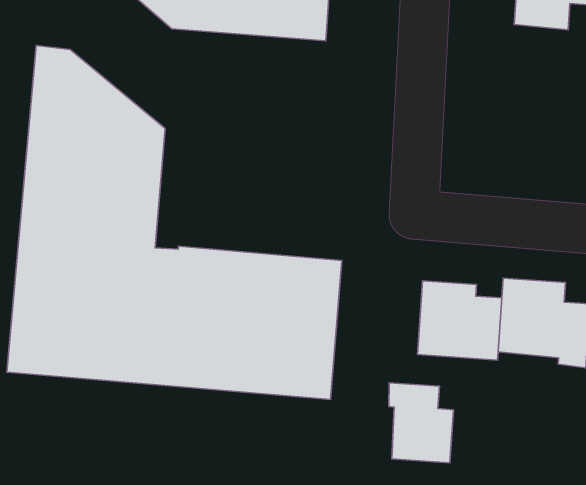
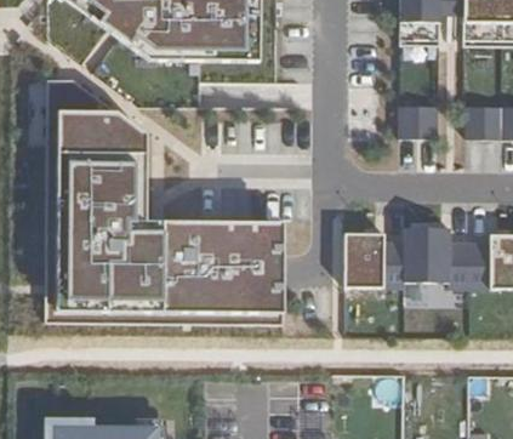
building: none -> [399,104,434,137]
building: [389,383,453,463] -> none

